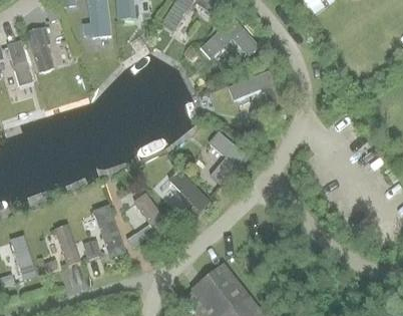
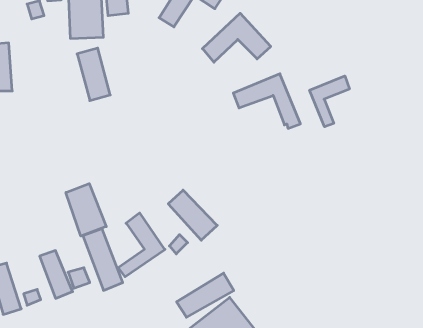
building: [29,27,58,73] -> [77,48,110,101]
building: none -> [310,76,349,127]
building: [208,130,249,187] -> none
building: none -> [66,184,106,236]
building: none -> [177,273,234,317]

